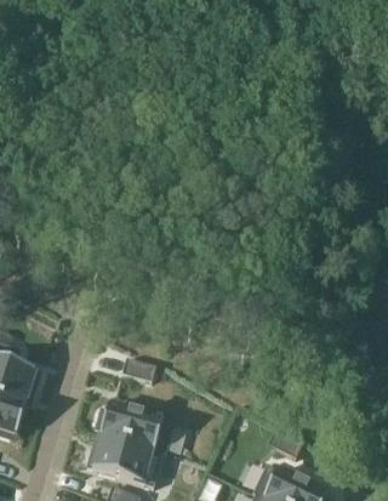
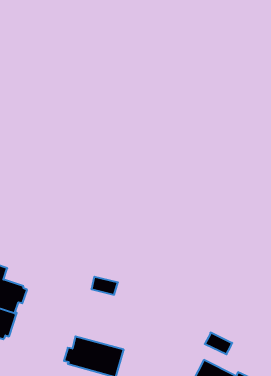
building: [96,400,175,452] -> none

